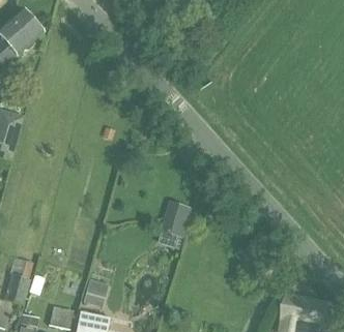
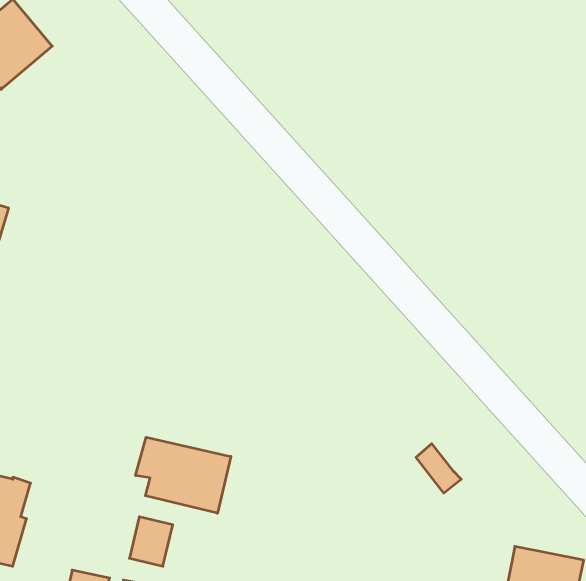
building: [162,197,192,234] -> none
building: none -> [136,437,231,513]

